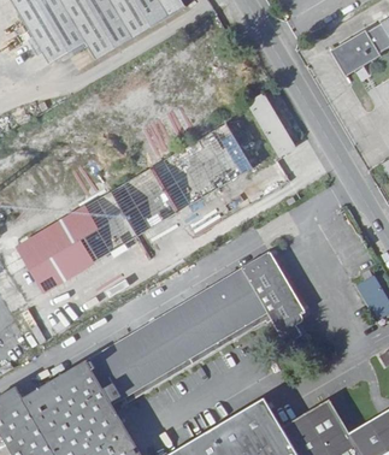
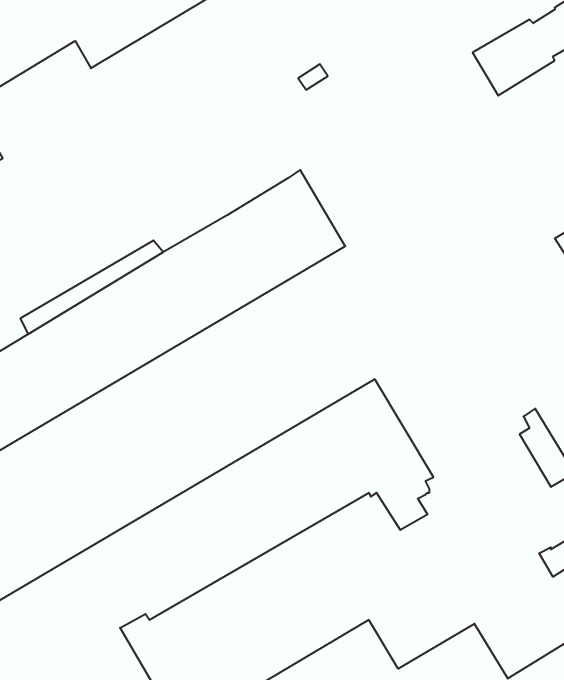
building: [248,93,295,155] -> none

